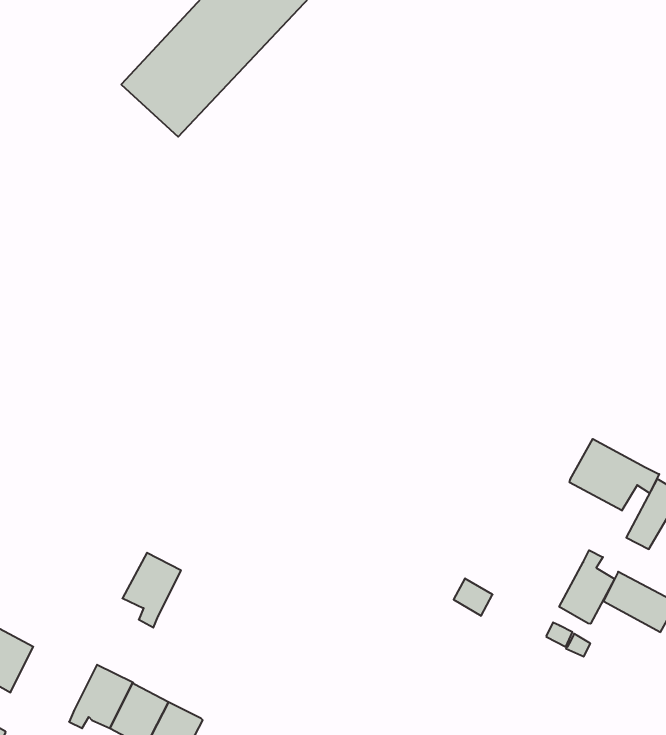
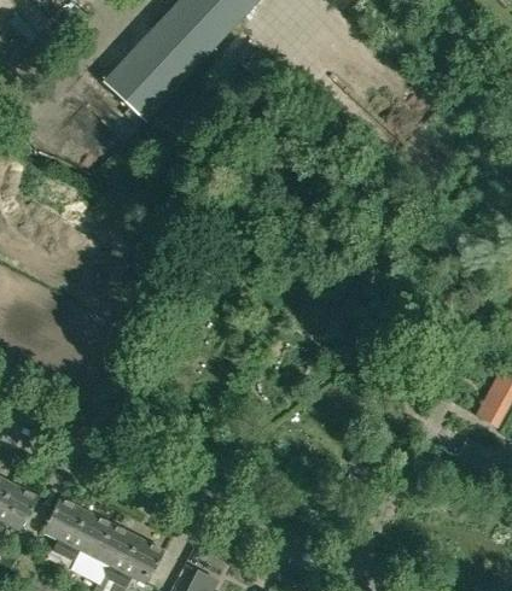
building: [570,439,659,511] -> none
building: [559,550,614,624] -> none
building: [122,553,181,628] -> [41,497,85,552]

